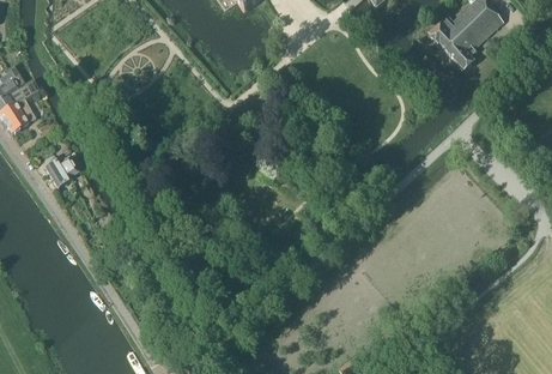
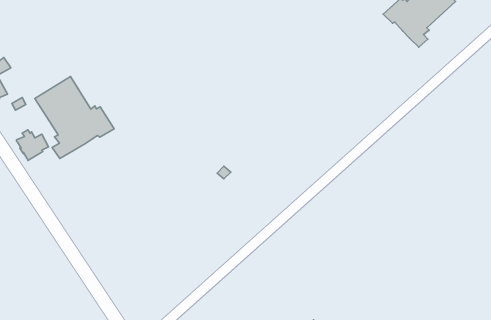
building: none -> [35,76,114,158]

